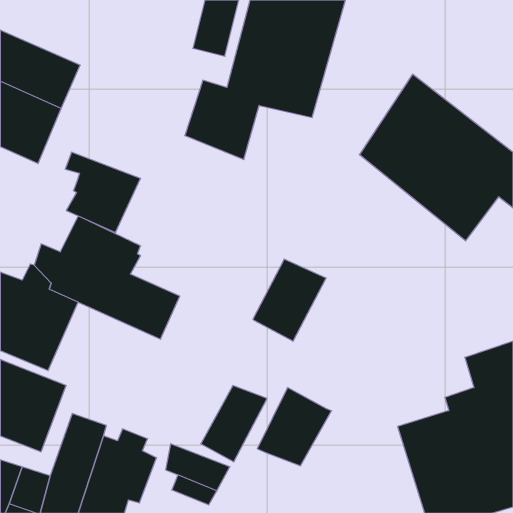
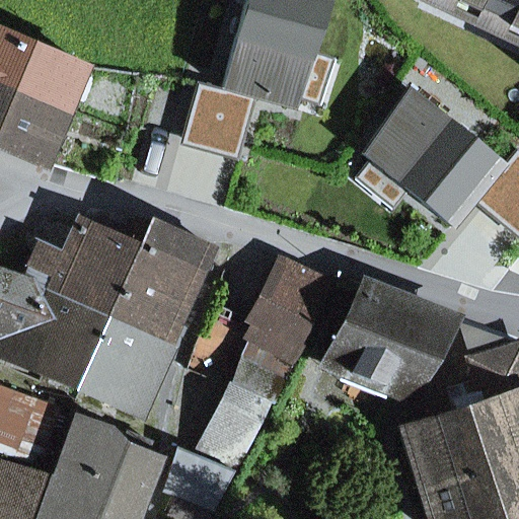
building: [65,152,141,233] -> [131,218,207,299]
building: none -> [322,286,449,396]
building: none -> [49,305,162,415]
building: [257,388,332,466] -> [226,323,301,402]

